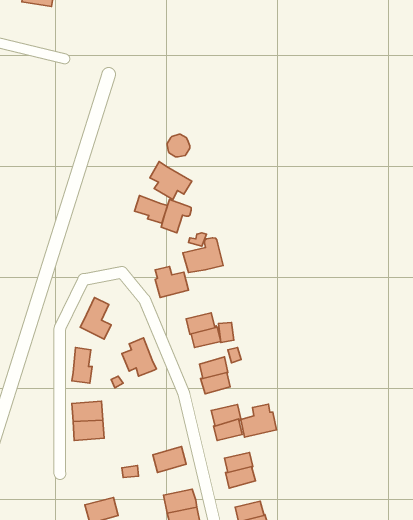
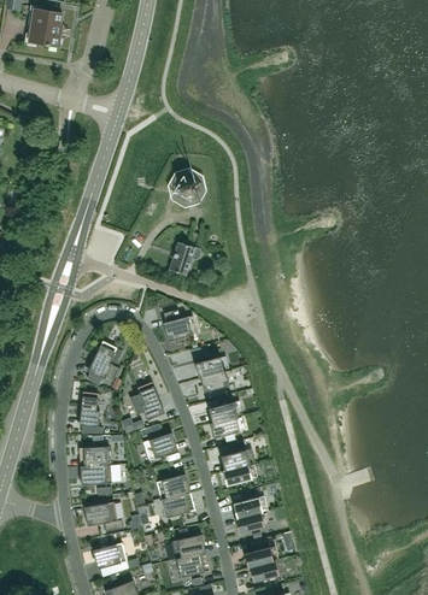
building: [150,162,192,199] -> none
building: [135,196,168,223] -> none
building: [183,238,223,273] -> none
building: none -> [143,432,178,460]
building: [241,404,277,437] -> none
building: none -> [157,475,190,500]
building: none -> [84,502,123,531]

